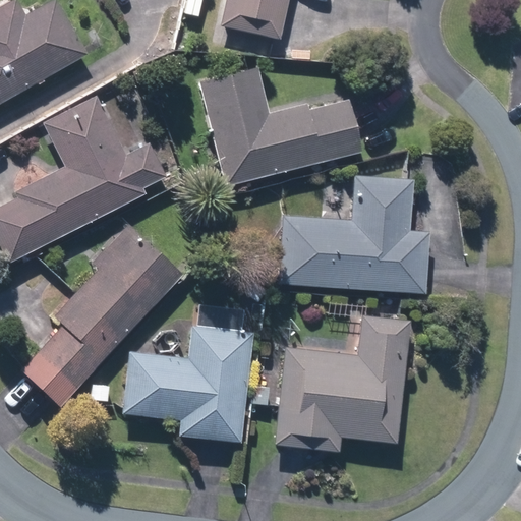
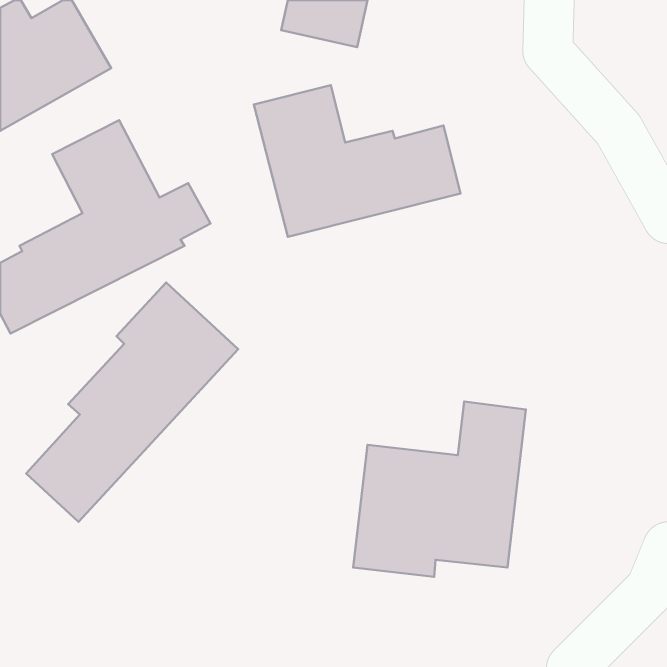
building: [277,175,429,293] -> none
building: [122,325,254,441] -> none

